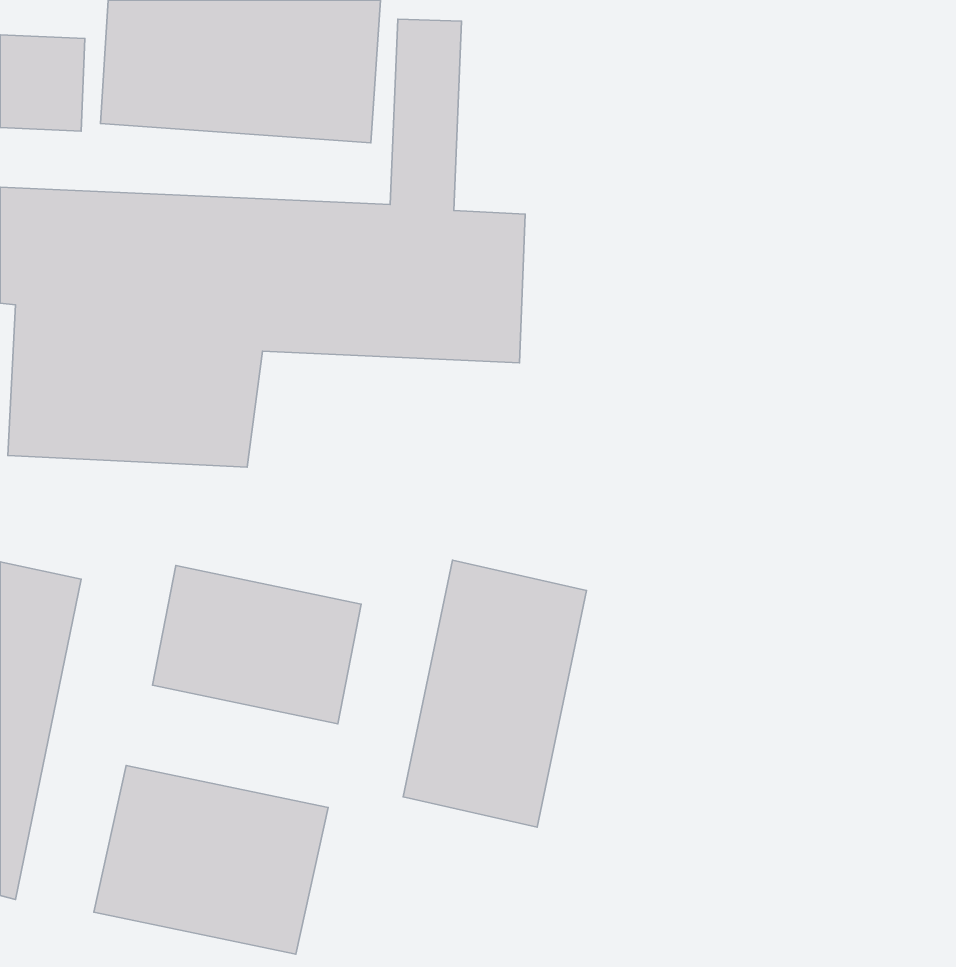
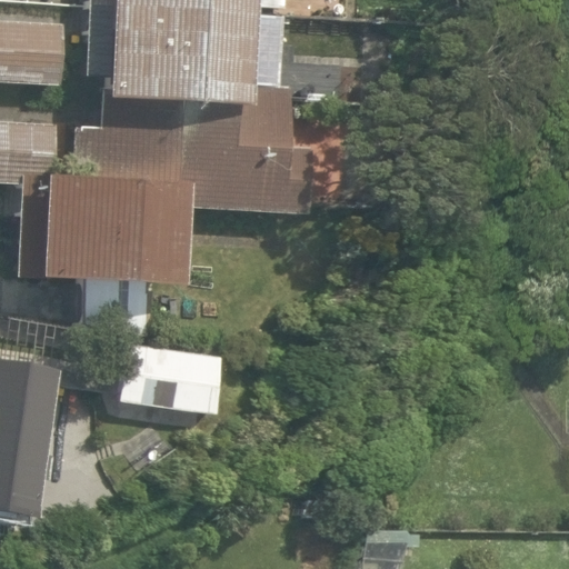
building: [403,560,587,827] -> none
building: [94,765,328,954] -> none

